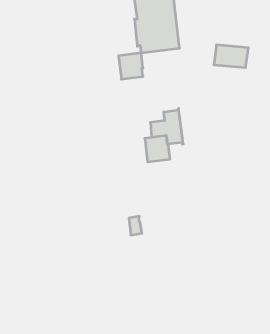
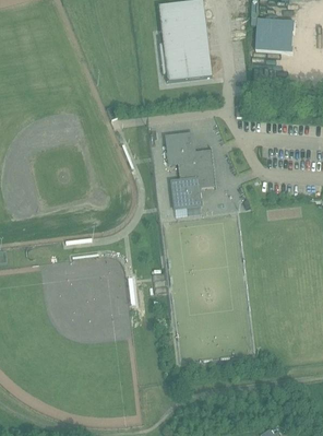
building: [214,45,248,68] -> [256,25,297,51]
building: [119,53,143,79] -> [165,132,193,163]

